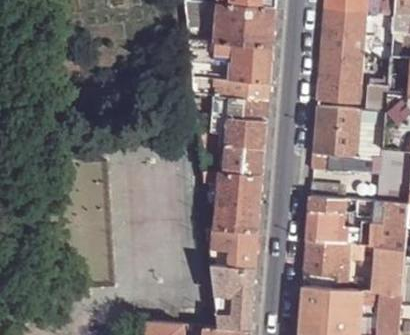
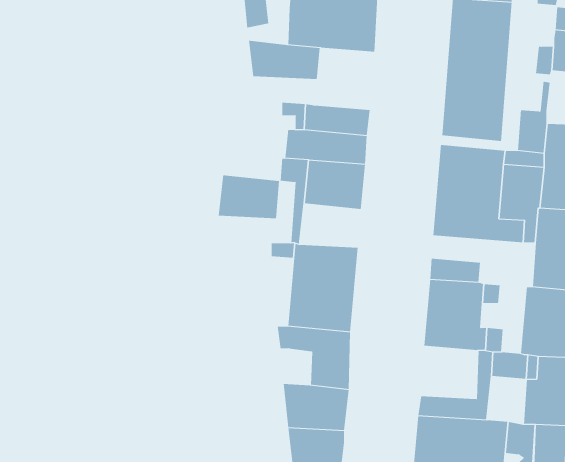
building: [233,43,273,84] -> none
building: [223,146,264,175] -> [218,175,280,219]
building: [303,240,341,275] -> none

